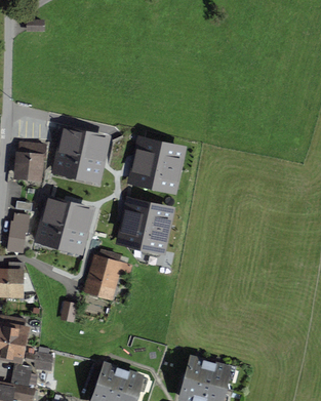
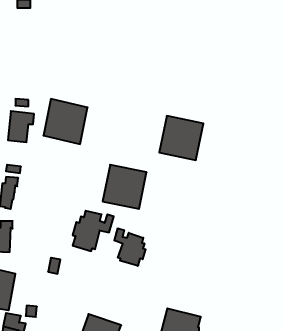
building: [132,142,180,190] -> [159,116,203,160]
building: [39,200,89,250] -> none
building: none -> [114,228,146,266]

